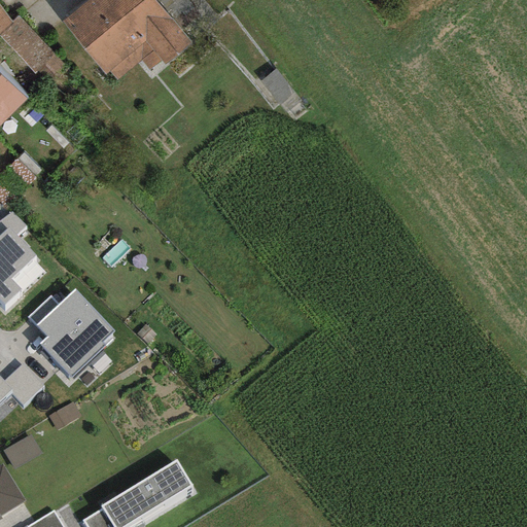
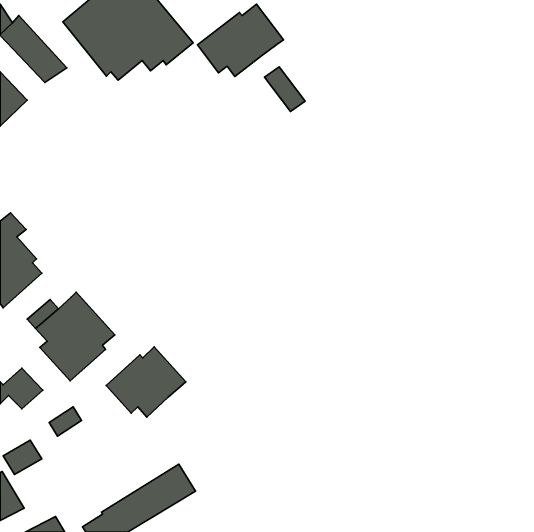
building: none -> [198,4,283,77]
building: none -> [106,347,186,417]

